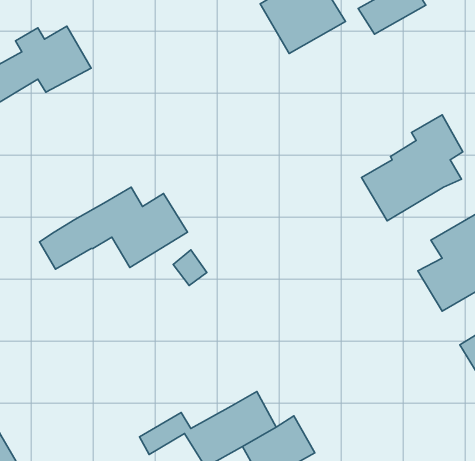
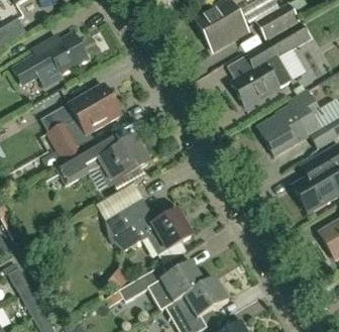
building: none -> [231,23,309,107]
building: none -> [48,84,122,161]
building: none -> [106,201,192,254]

